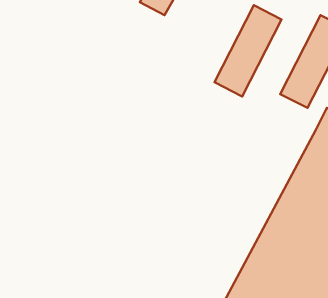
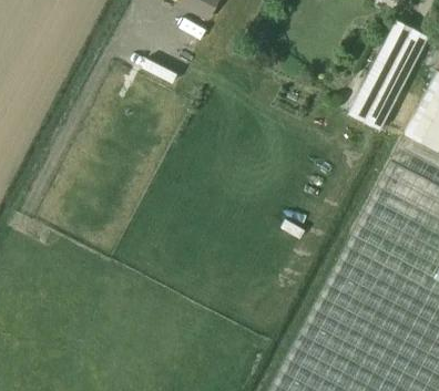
building: [215,5,282,96] -> none

